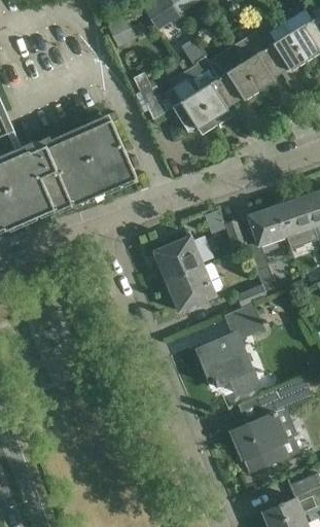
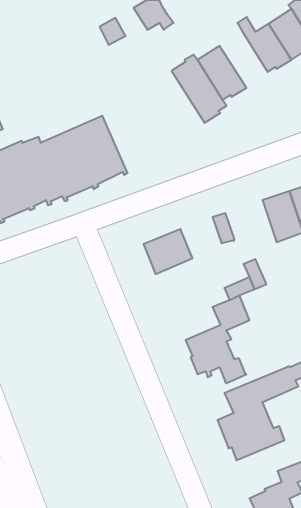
building: [232,33,281,91] -> none
building: [134,73,216,136] -> none
building: [247,206,286,247] -> none
building: [166,266,216,312] -> none

